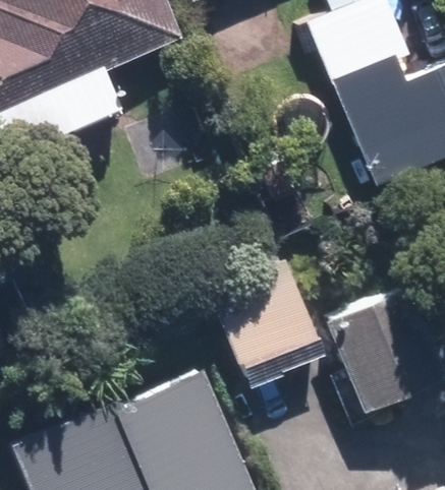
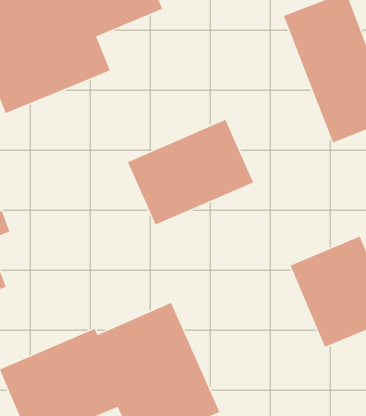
building: none -> [127,119,254,226]
building: [214,270,328,386] -> none

